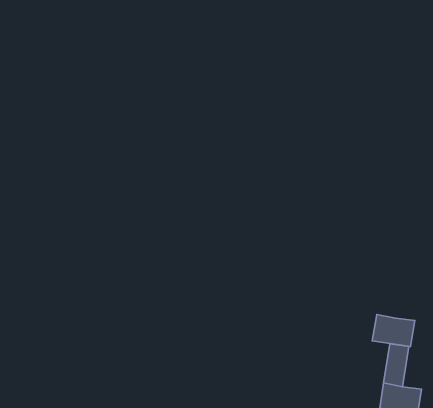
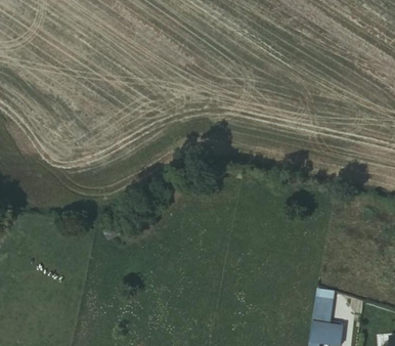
building: [372,314,415,347] -> none

